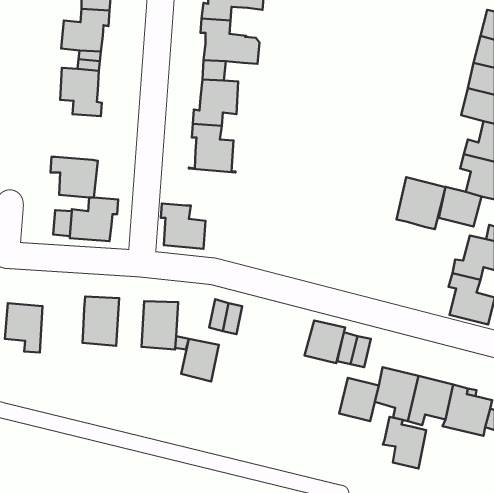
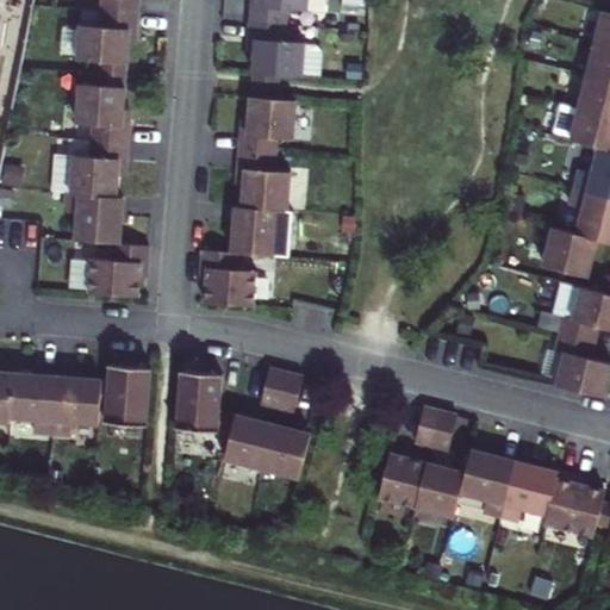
building: none -> [66,138,125,197]
building: none -> [230,207,291,256]
building: [396,177,446,229] -> none
building: none -> [50,376,99,435]
building: [304,321,345,363] -> [379,456,429,509]
building: none -> [261,424,310,478]
building: [383,417,426,469] -> none

